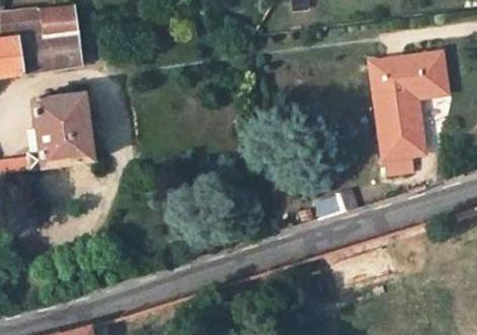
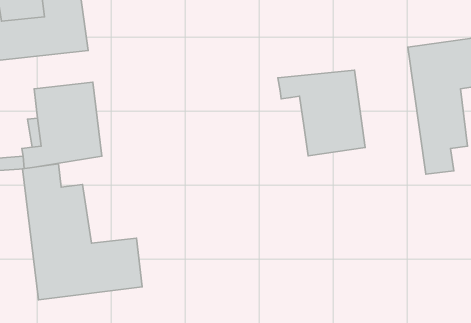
building: none -> [278,70,365,156]
building: none -> [23,164,142,300]

